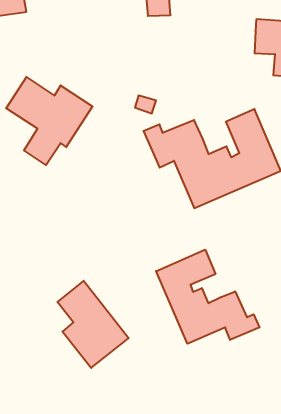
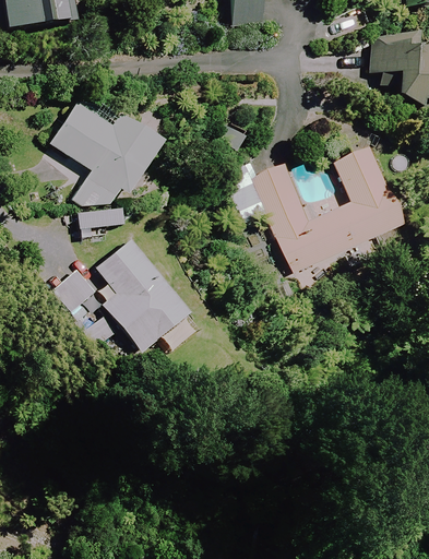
building: [156,250,259,344] -> none
building: [57,281,129,368] -> [97,239,189,352]

